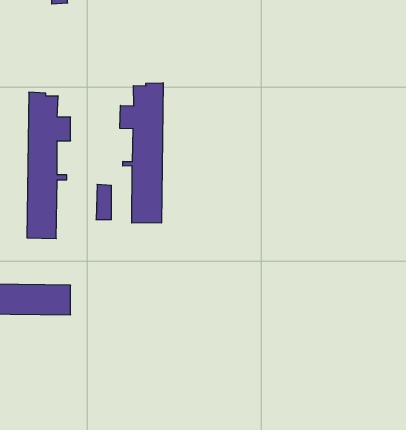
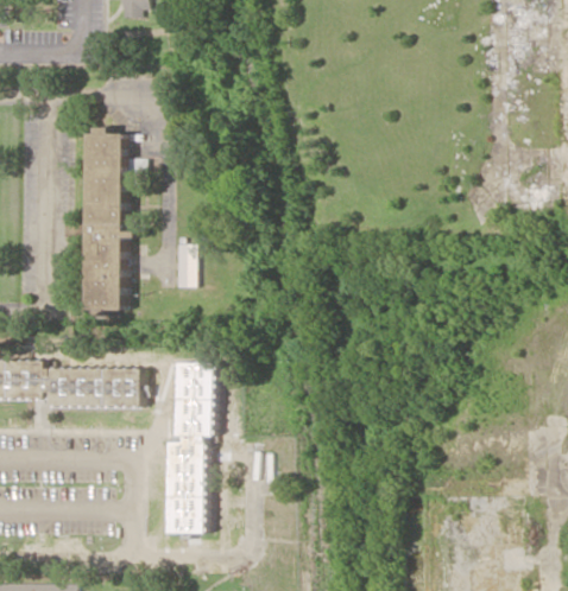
building: [120,83,163,223] -> none
building: none -> [165,364,210,535]

